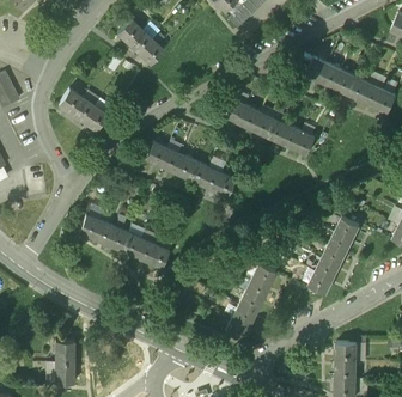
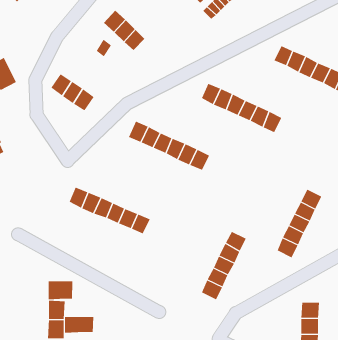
building: none -> [48,280,73,300]
building: none -> [65,316,94,333]

